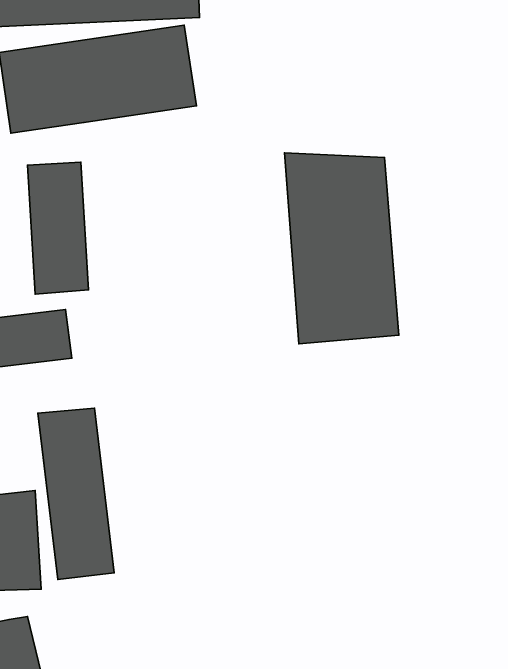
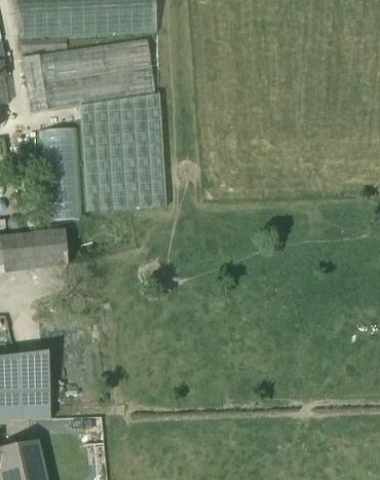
building: none -> [79,91,161,212]
building: [284,153,399,344] -> none
building: [38,408,114,580] -> none

